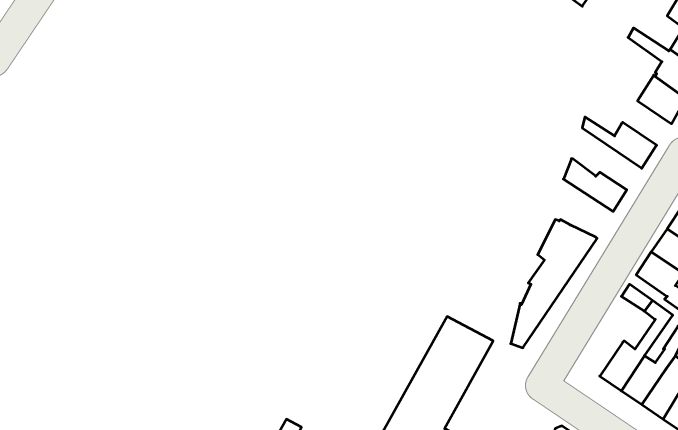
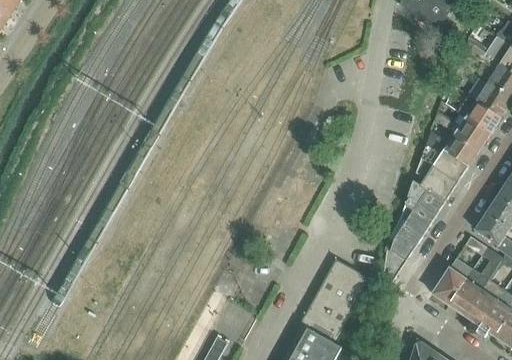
building: none -> [458,96,502,133]
building: none -> [429,132,480,166]
building: none -> [420,159,459,201]
building: none -> [433,258,474,304]

